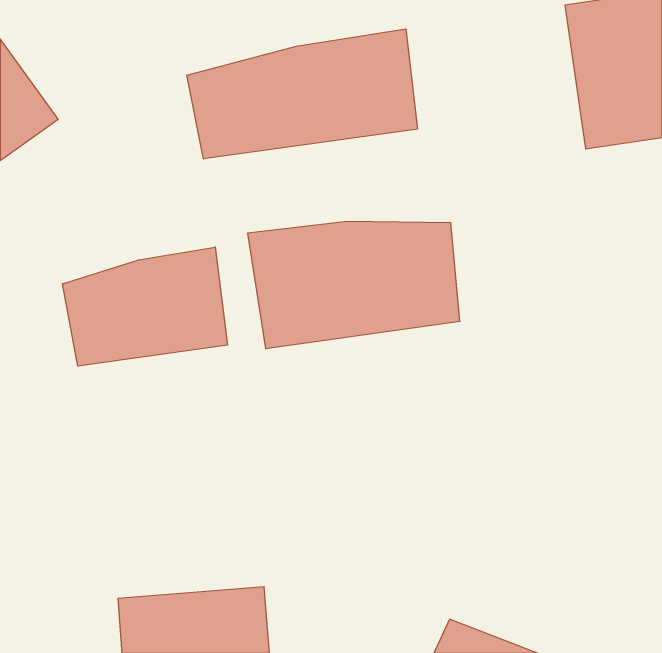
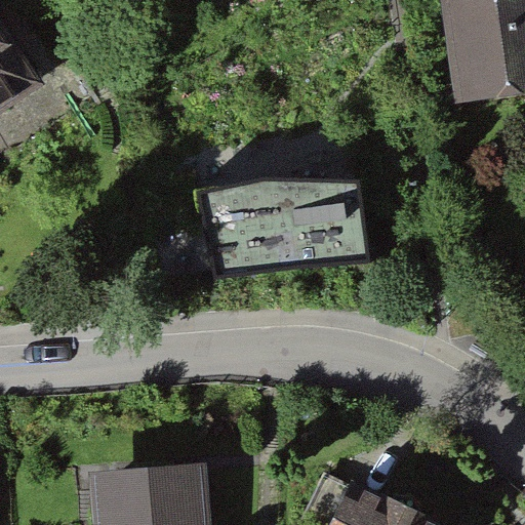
building: [187,29,417,159] -> none
building: [63,247,227,366] -> none

